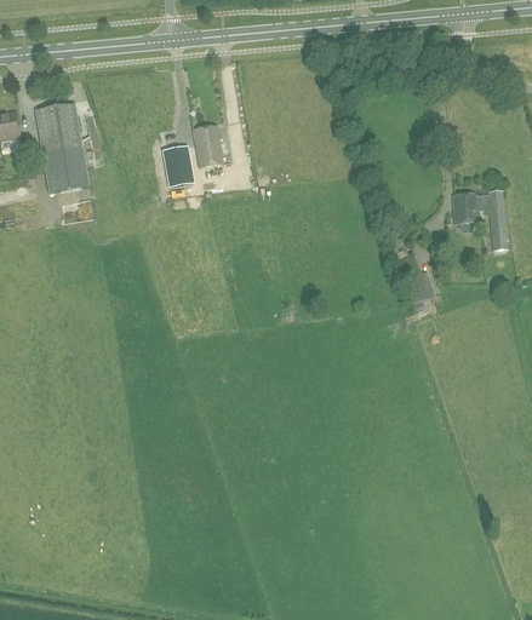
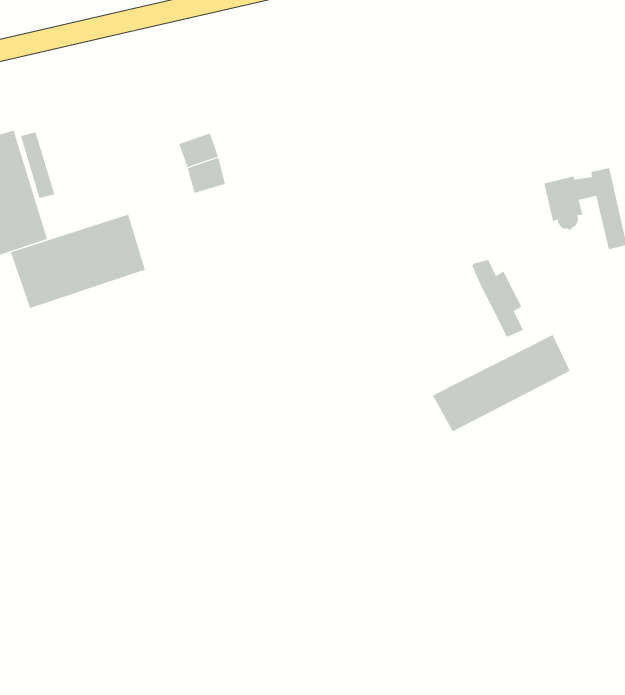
building: [166,144,191,186] -> none
building: none -> [10,214,146,309]
building: none -> [432,334,570,432]

